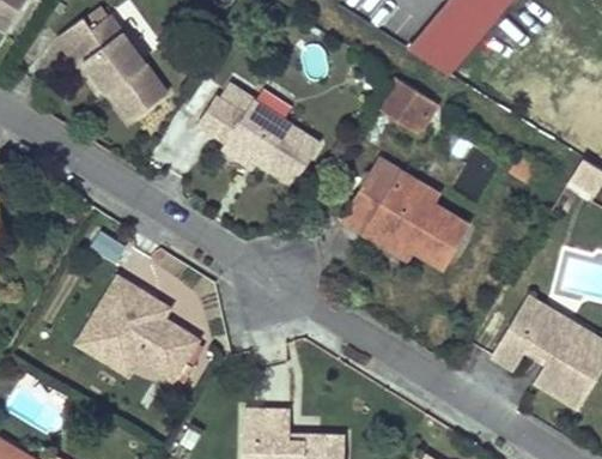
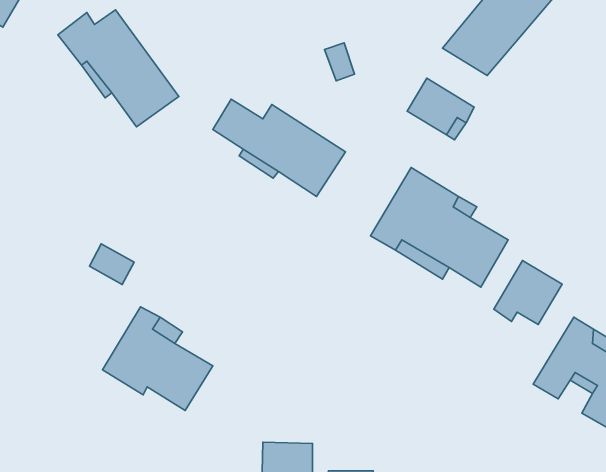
building: none -> [494,260,562,325]
building: [77,276,135,375] -> none

